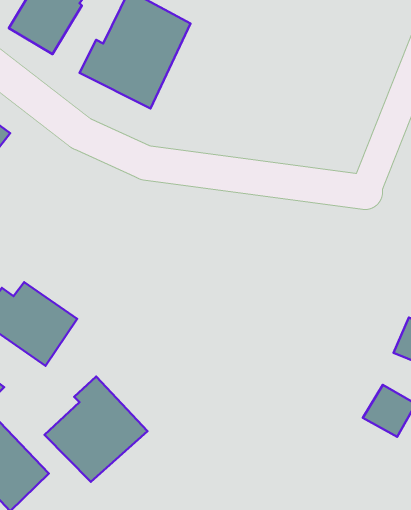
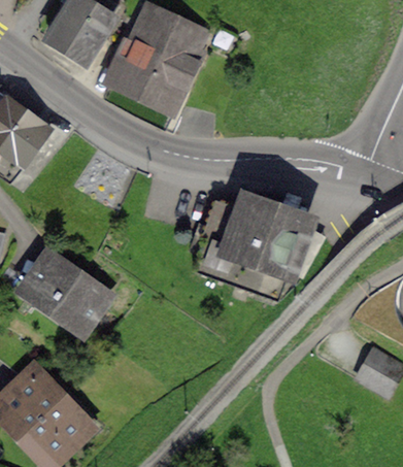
building: none -> [195,199,308,296]
building: [44,376,147,482] -> none

